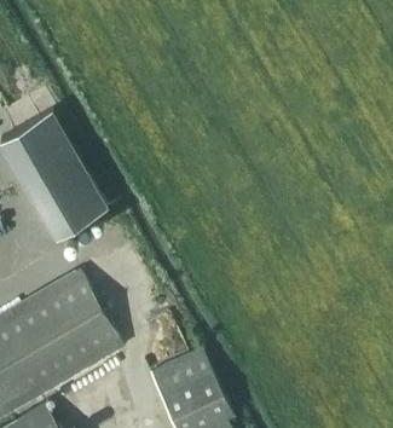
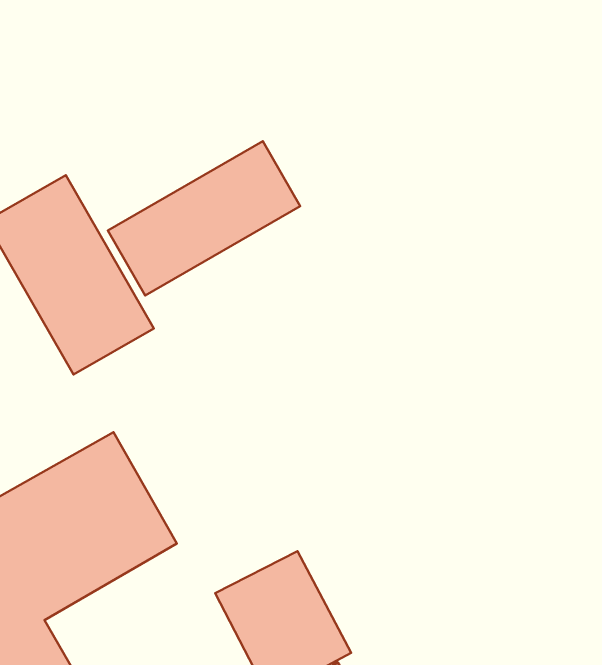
building: none -> [108,141,300,295]

